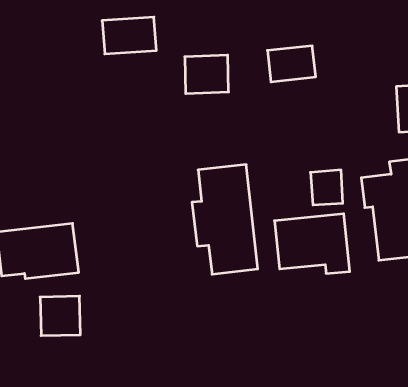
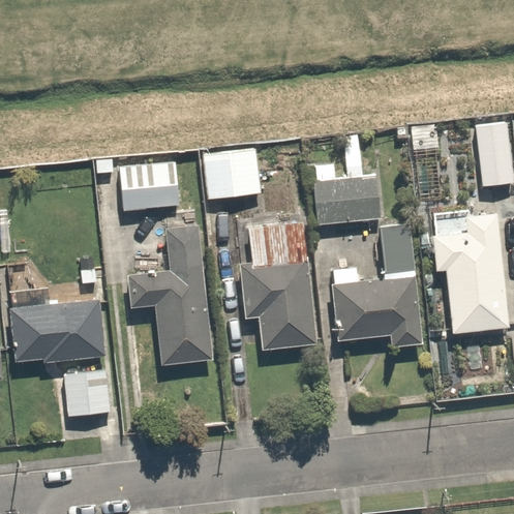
building: [102,17,156,54] -> [116,163,180,207]
building: [267,46,316,82] -> [316,180,373,222]
building: [185,55,229,94] -> [205,152,256,198]
building: none -> [126,228,211,368]

